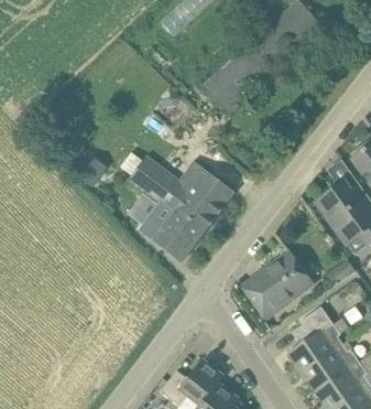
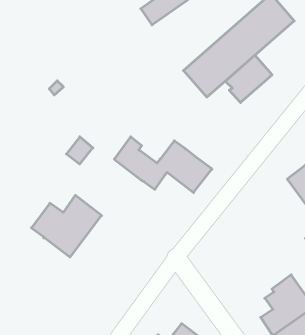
building: none -> [226,55,272,103]
building: [139,194,215,261] -> [31,195,102,257]
building: [240,251,313,319] -> none

